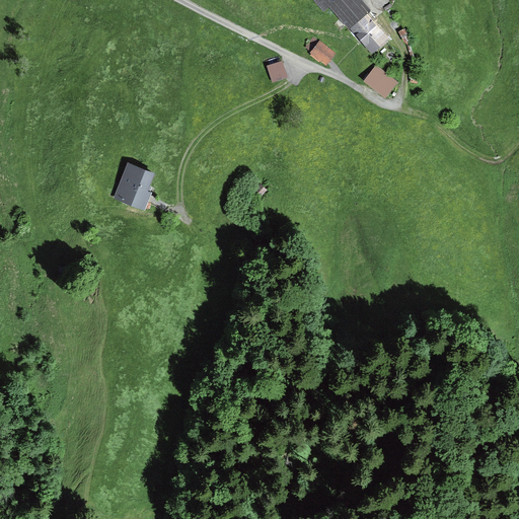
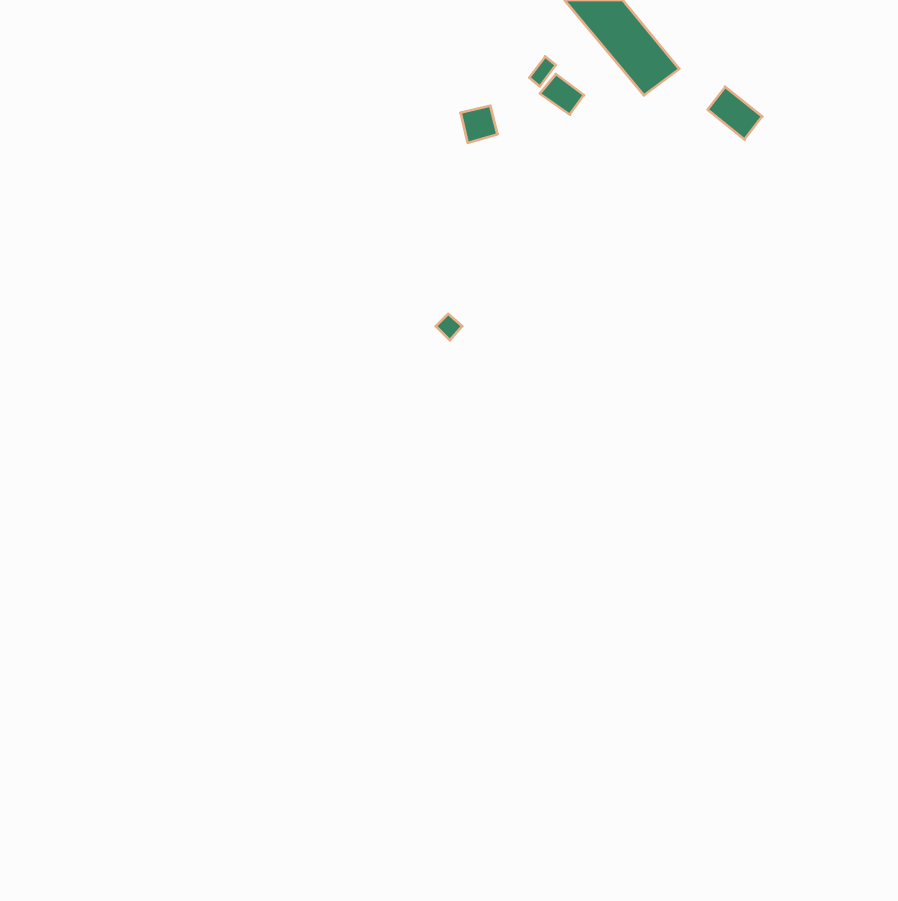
building: [365,65,396,95] -> [708,87,762,140]
building: [123,164,154,209] -> none

